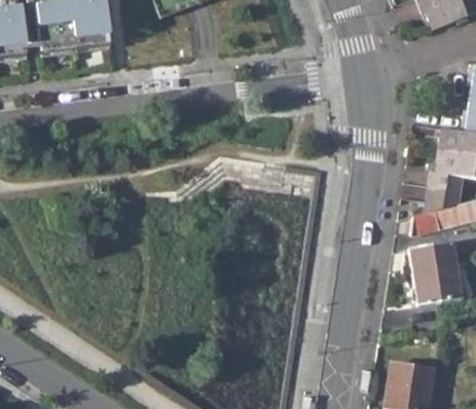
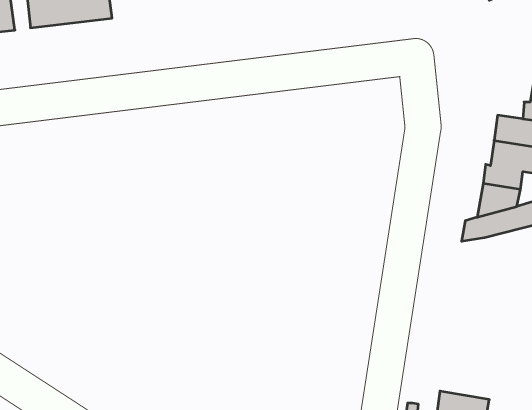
building: [410,244,461,306] -> none

